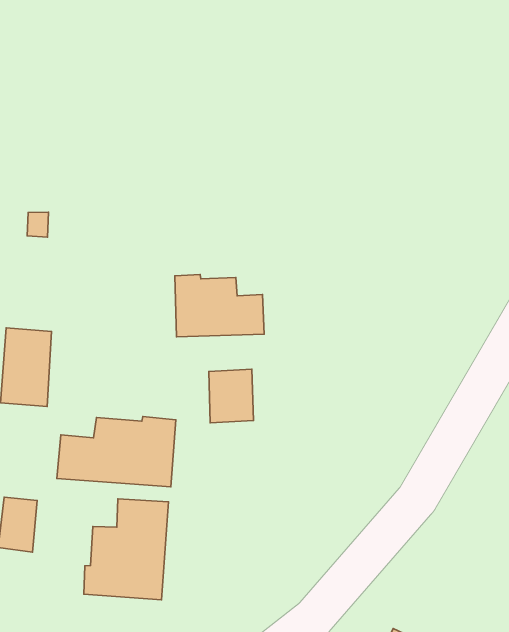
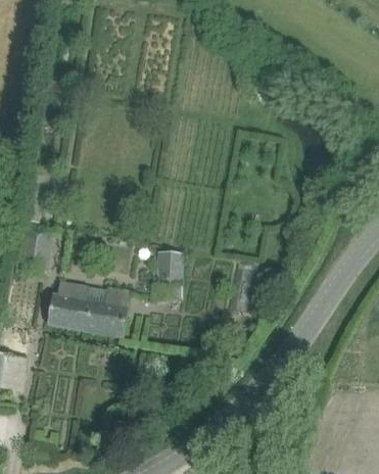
building: [175,274,264,337] -> none
building: [84,499,169,600] -> none

